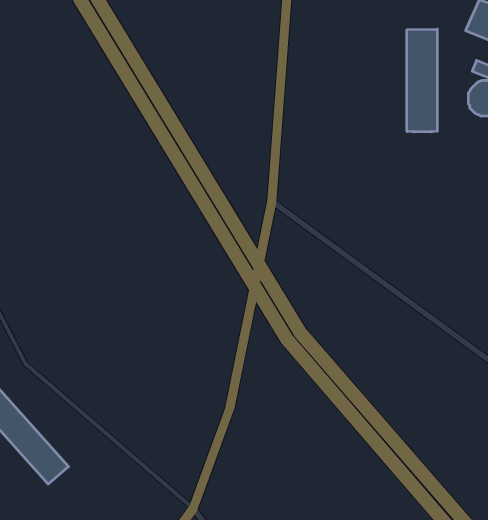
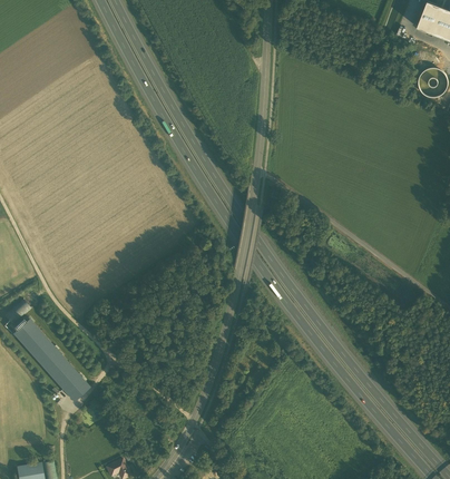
building: [407,29,437,132] -> none

